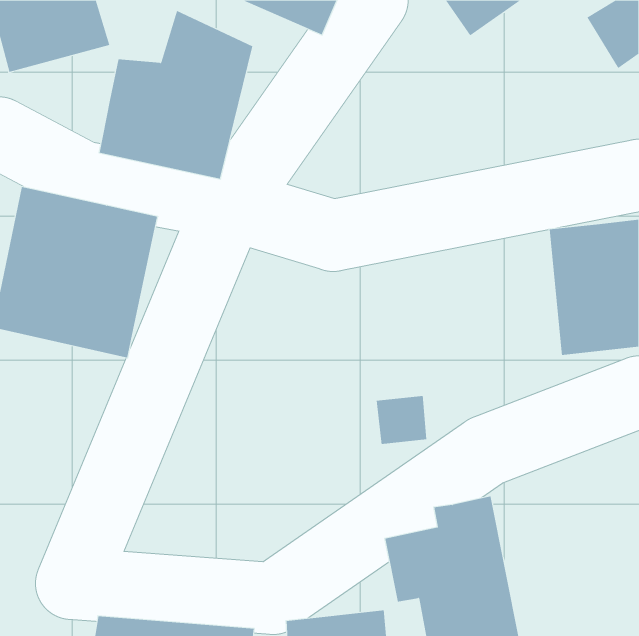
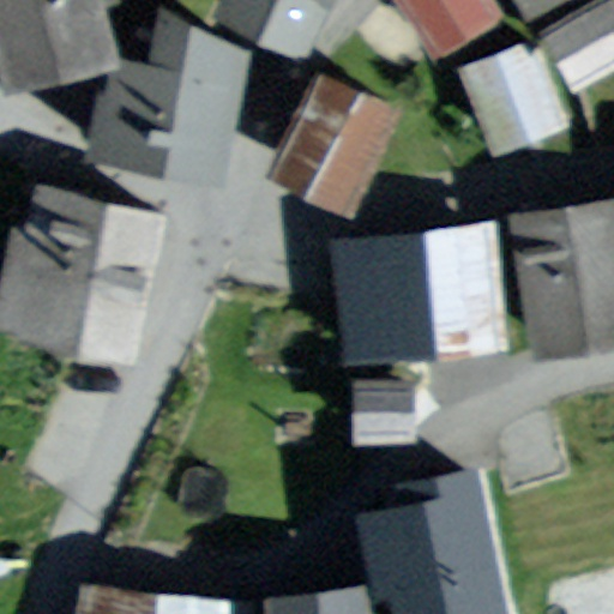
building: none -> [470,37,564,134]
building: none -> [281,79,397,201]
building: none -> [341,230,510,362]

